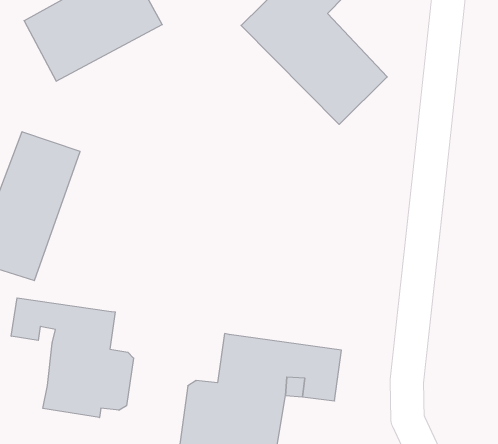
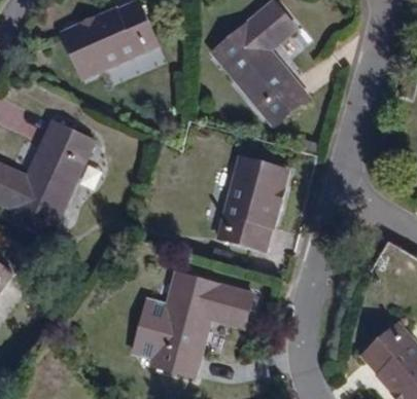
building: none -> [221,160,289,252]
building: [11,298,134,418] -> none

